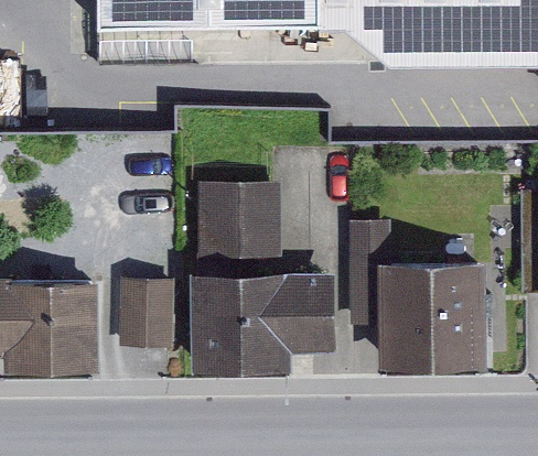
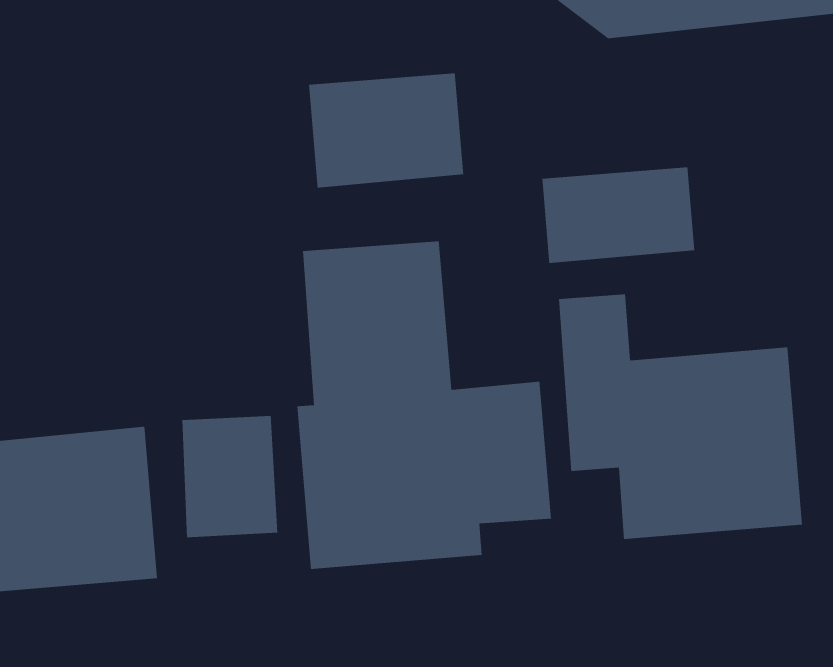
building: none -> [309,73,464,189]
building: none -> [542,167,695,264]

